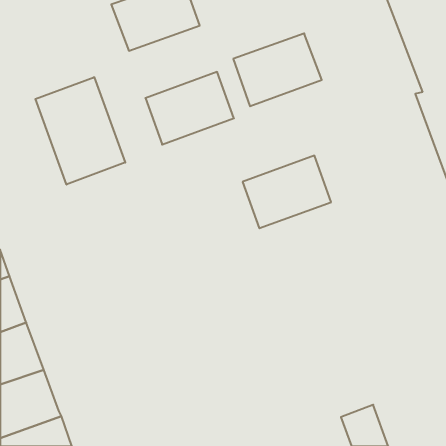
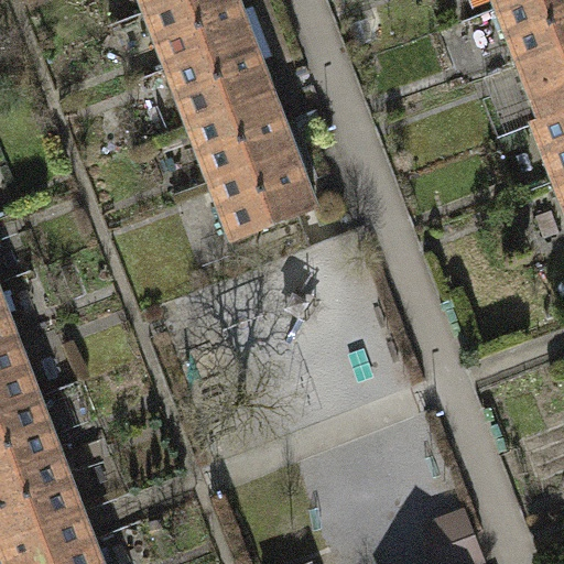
building: [233,33,322,106] -> [164,32,275,123]
building: [35,77,125,185] -> none
building: [243,156,331,228] -> [206,149,317,240]

